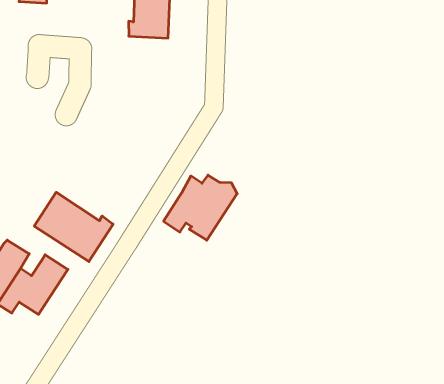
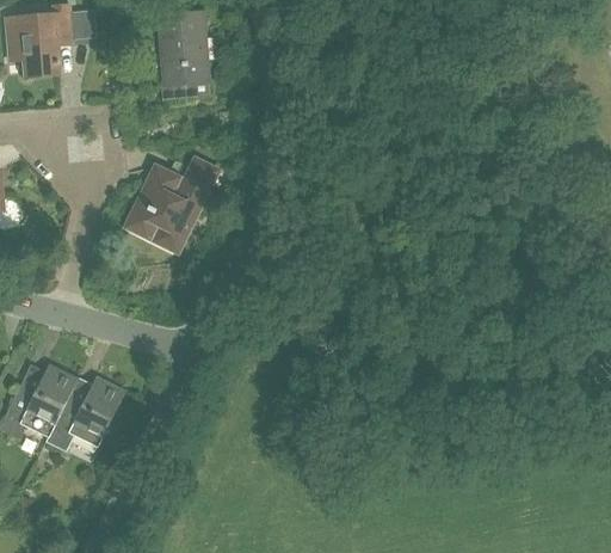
building: [164,175,237,240] -> [129,159,214,238]
building: [34,192,113,262] -> none

